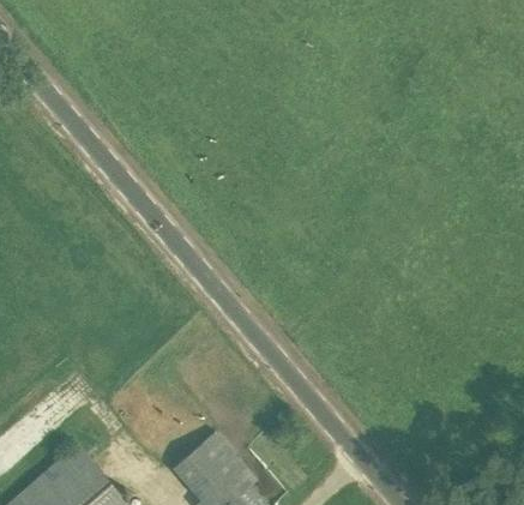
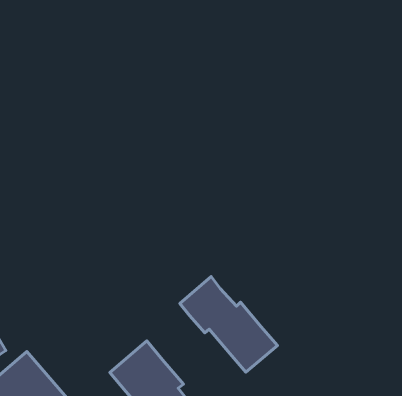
building: none -> [180,277,277,372]

